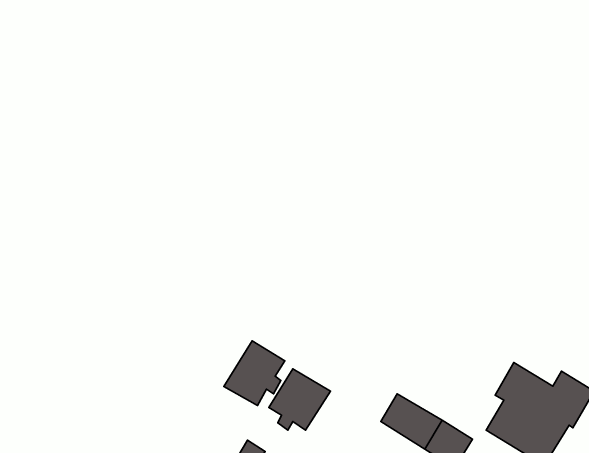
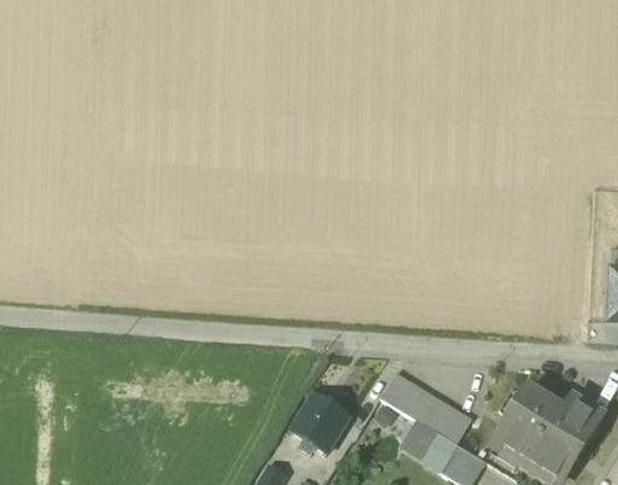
building: [224,341,285,406] -> none
building: none -> [379,372,471,443]

